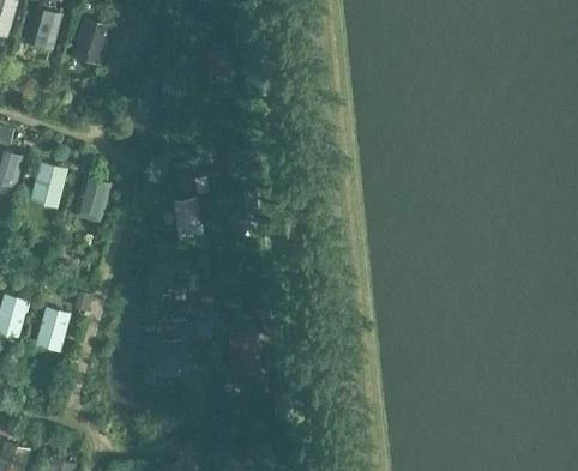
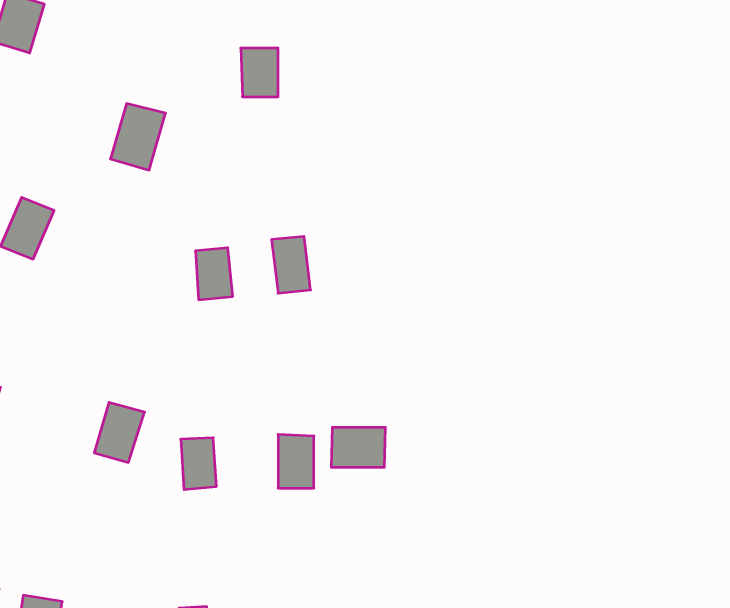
building: [68,19,109,68] -> [110,104,166,170]
building: [77,176,110,223] -> none
building: [34,309,71,354] -> [94,402,145,462]
building: none -> [331,427,385,467]

